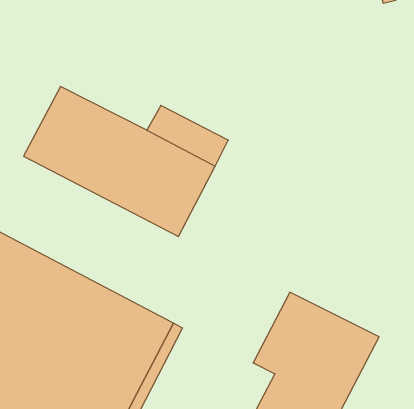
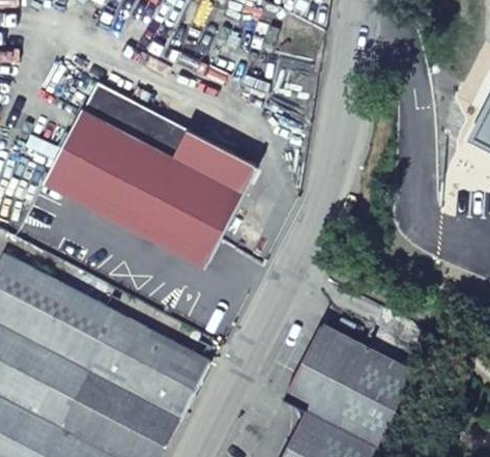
building: none -> [82,84,186,155]

